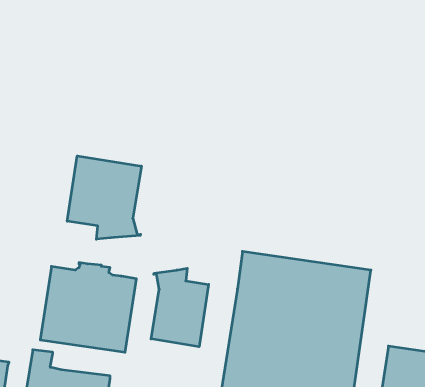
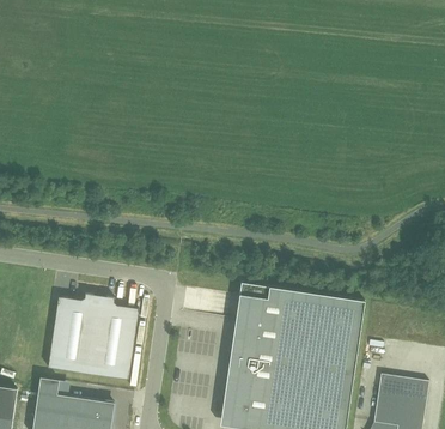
building: [67,156,141,239] -> none
building: [151,268,209,347] -> none

